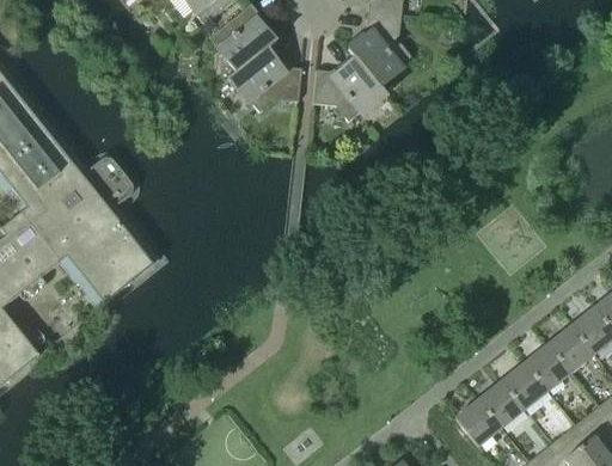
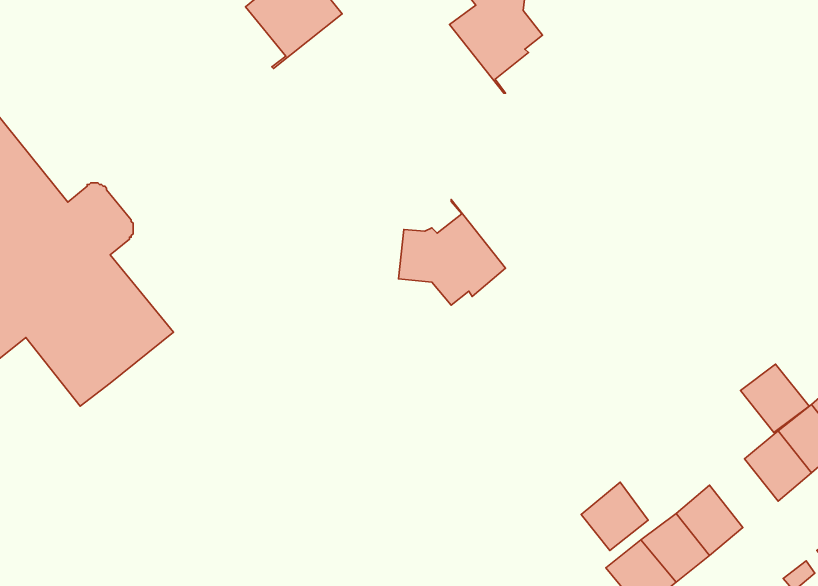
building: [228,42,301,111] -> none
building: [312,49,385,121] -> [398,200,506,305]
building: [525,344,571,391] -> [740,364,809,433]
building: none -> [581,482,648,551]

